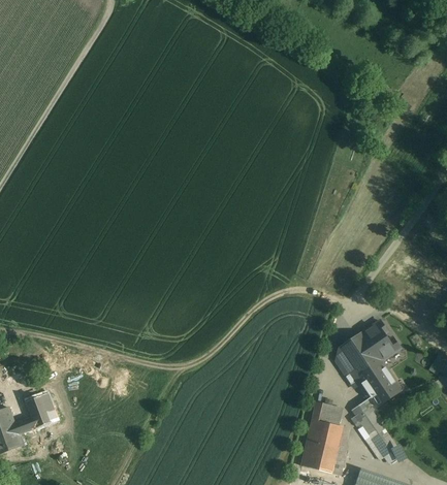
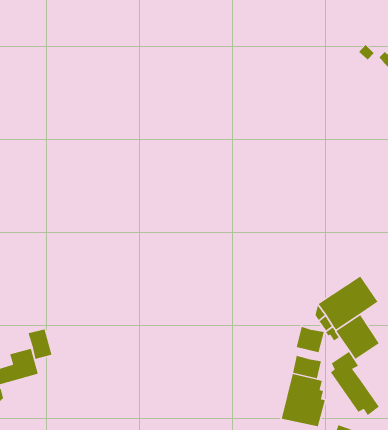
building: none -> [296,326,325,353]
building: none -> [27,328,53,360]

